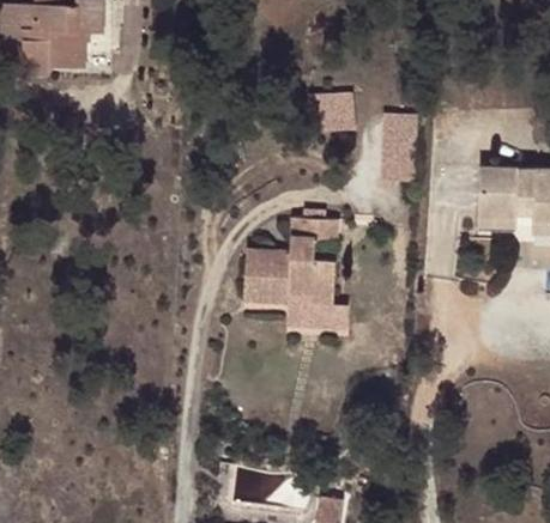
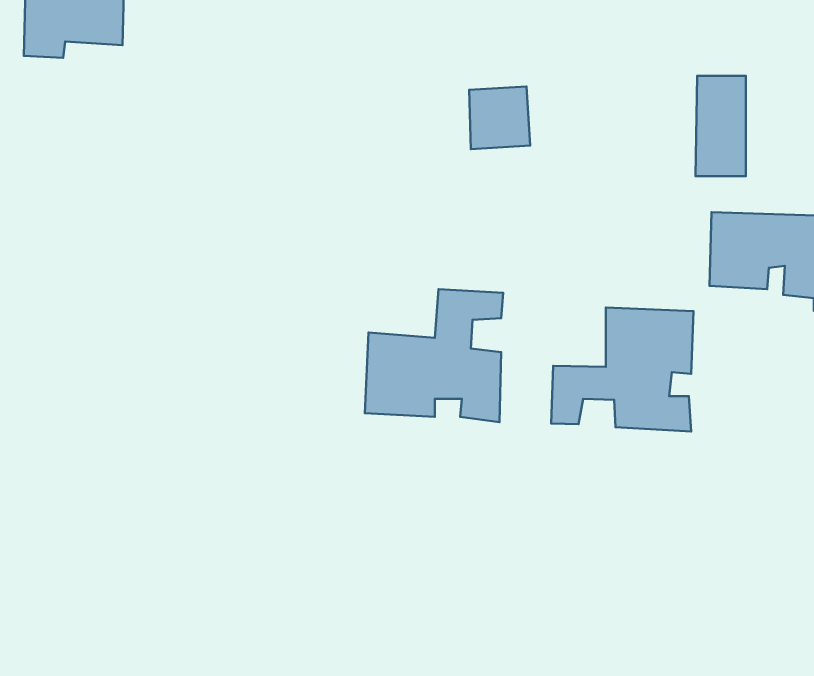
building: [380,115,413,182] -> [695,76,746,176]
building: none -> [551,307,693,432]

